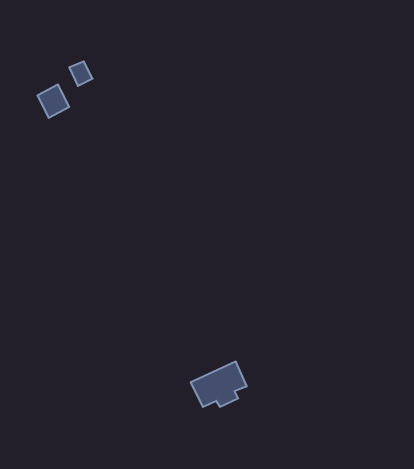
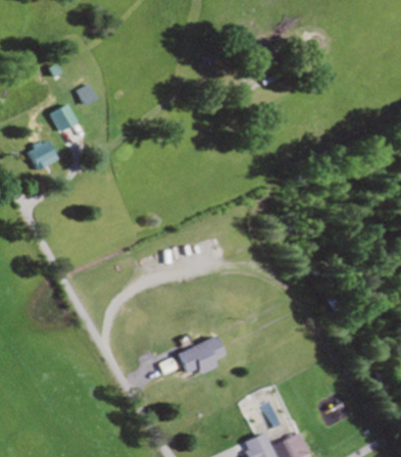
building: none -> [29,143,58,171]

